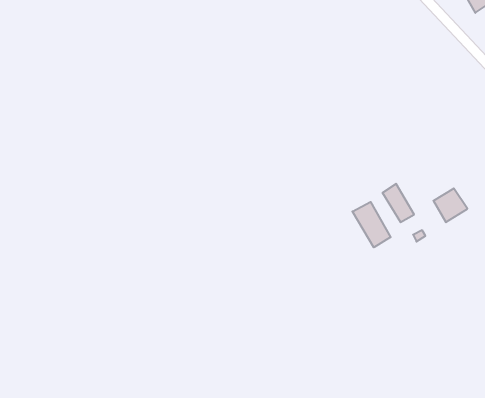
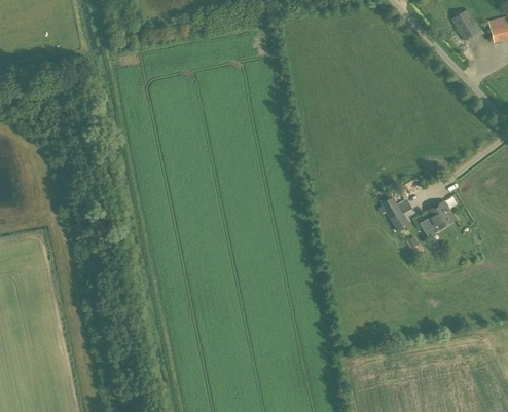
building: [352,202,391,247] -> none

